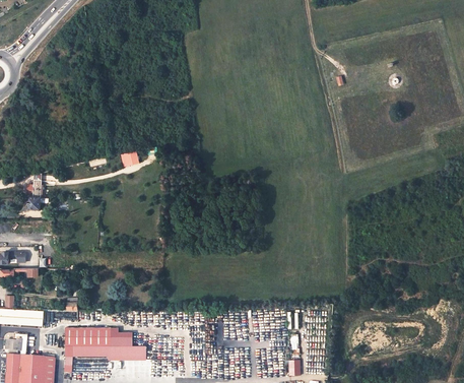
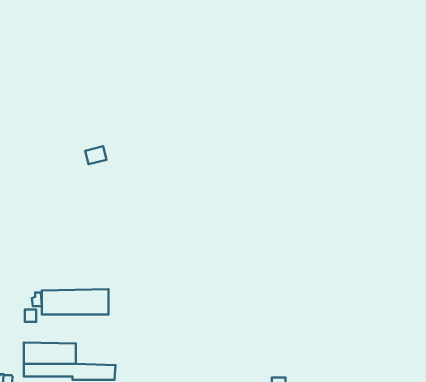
building: none -> [42,289,108,315]

